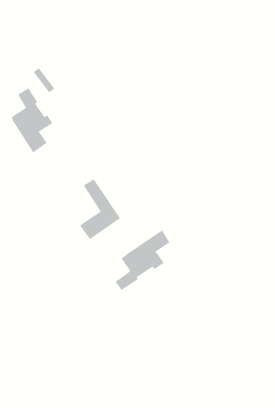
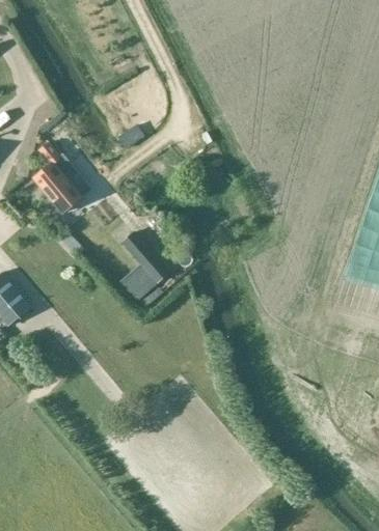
building: [115,230,170,291] -> none

